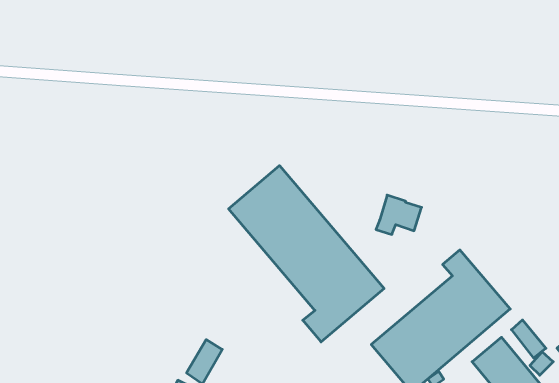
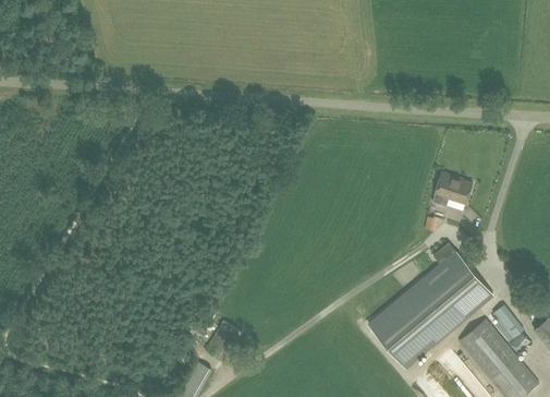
building: [229,166,384,342] -> none
building: [376,195,422,234] -> [431,171,472,206]

